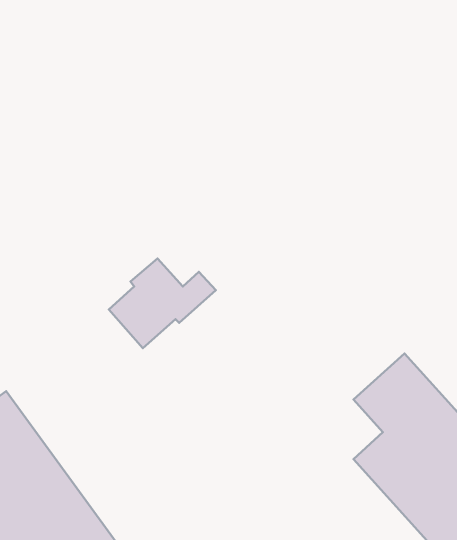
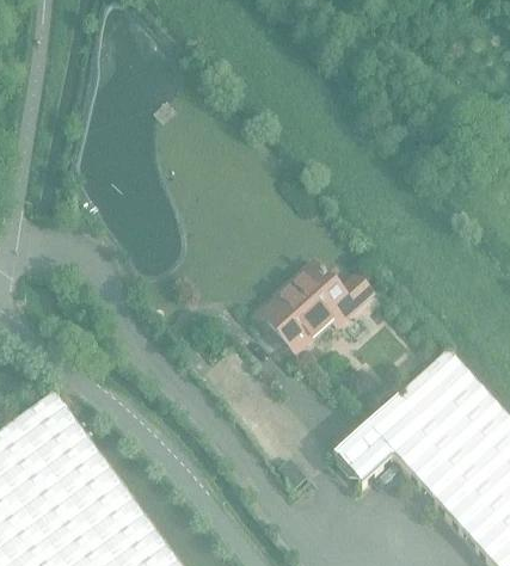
building: [109,259,216,348] -> [265,260,370,349]
building: none -> [333,399,423,486]

